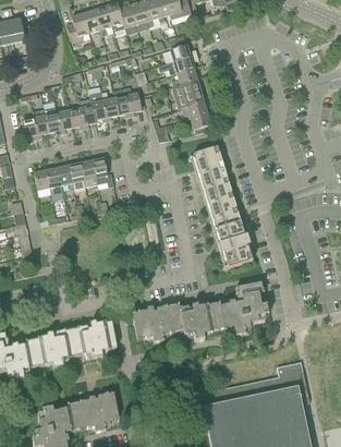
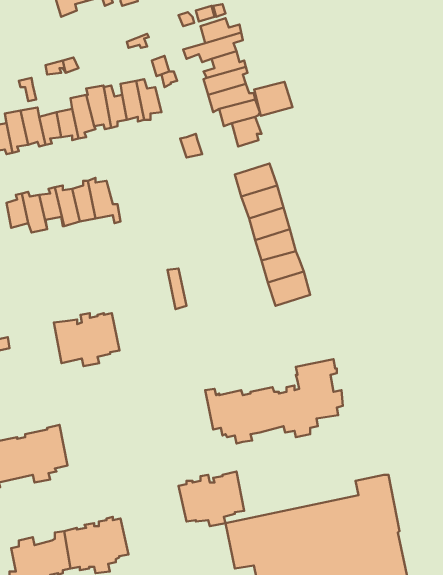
building: none -> [254,82,292,116]
building: [223,243,252,267] -> none
building: [132,303,178,341] -> [179,472,244,526]
building: [71,321,117,358] -> [54,313,120,366]

